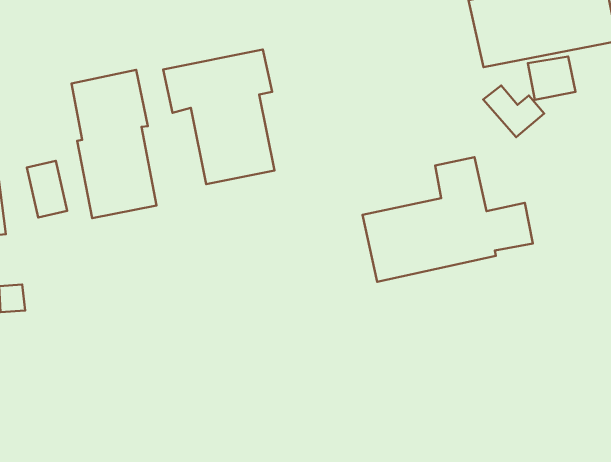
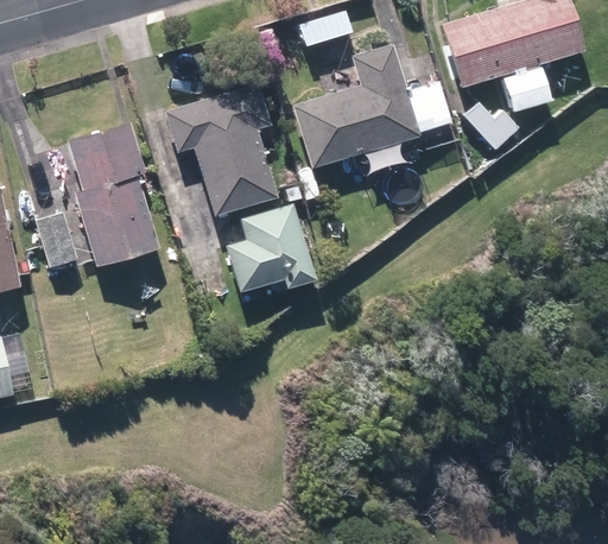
building: [362,157,533,282] -> [290,48,449,170]
building: none -> [222,204,311,292]

